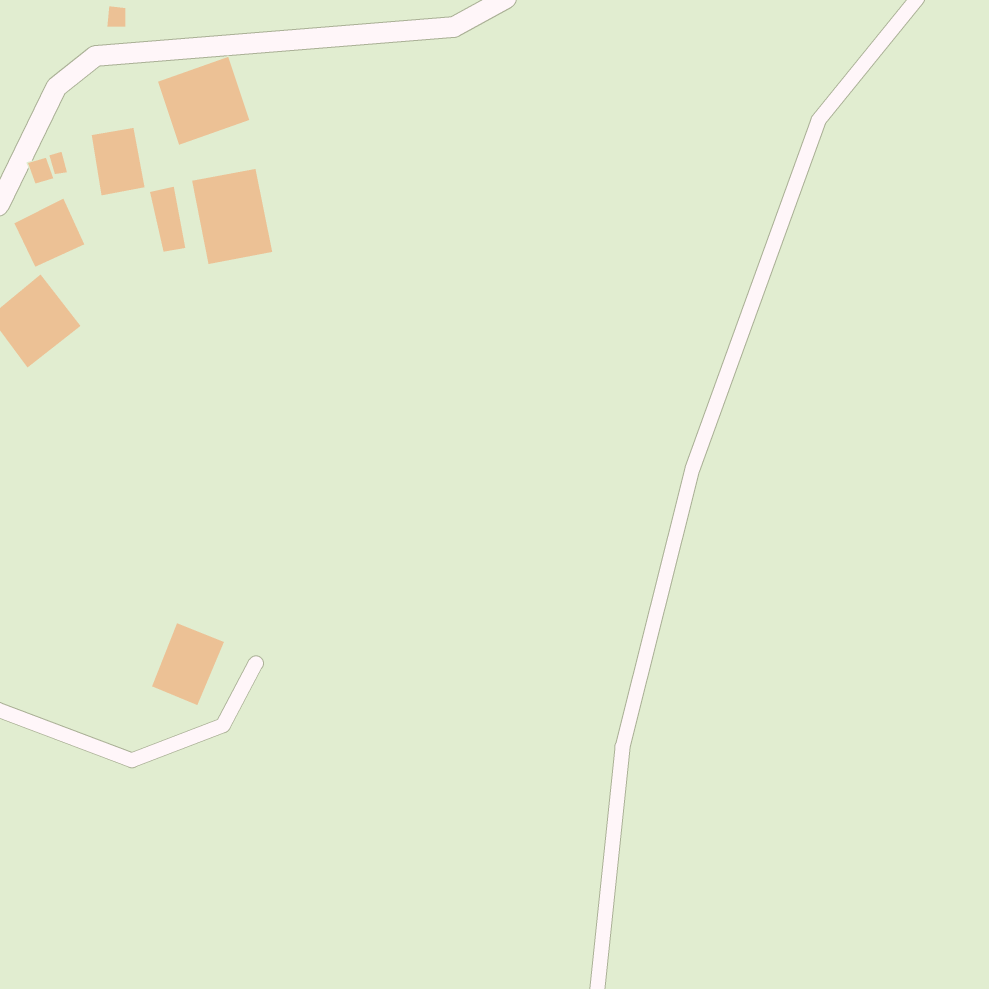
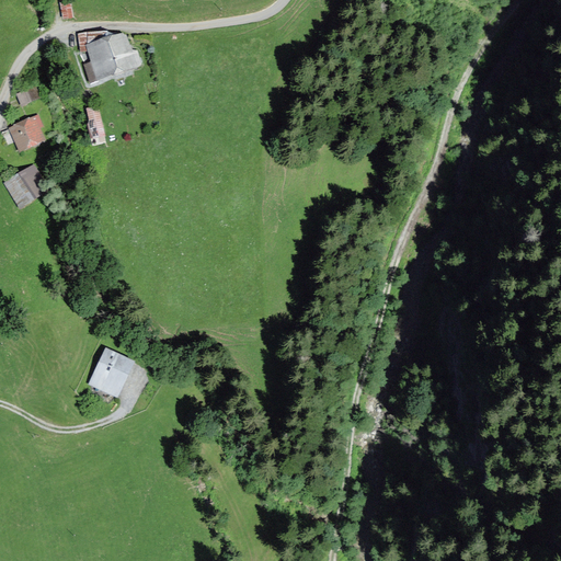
building: [91,127,145,196] -> none
building: [191,168,273,265] -> none

